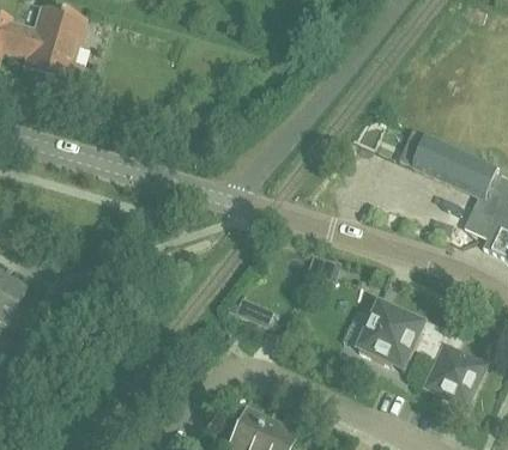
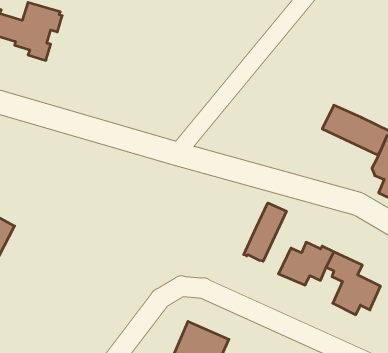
building: none -> [244,203,286,261]

